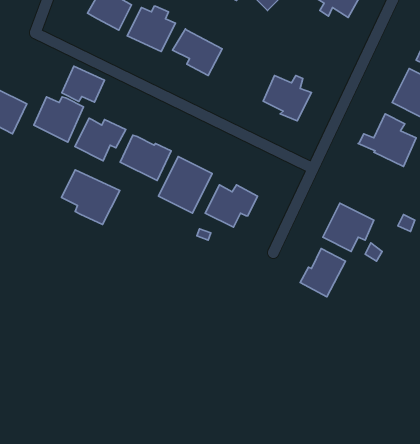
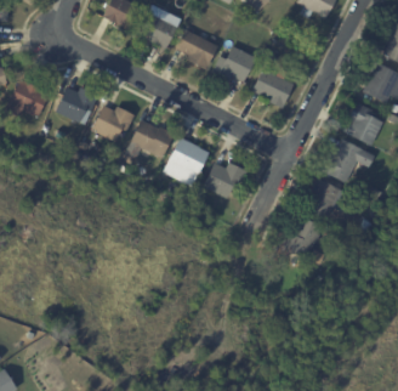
building: none -> [212,46,255,84]
building: [62,66,104,102] -> none
building: none -> [322,141,375,183]
building: [62,170,120,225] -> none

